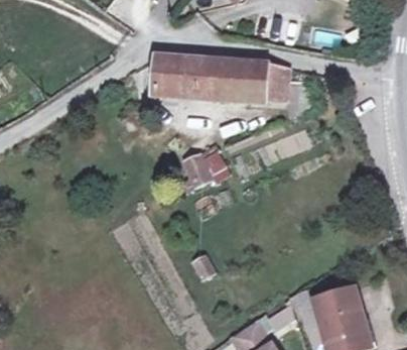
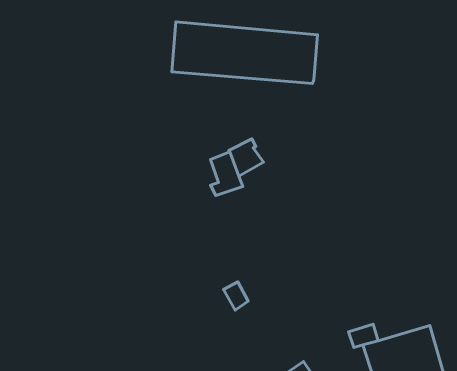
building: [264,63,291,99] -> none

